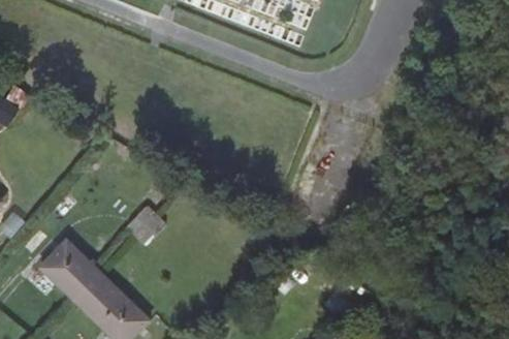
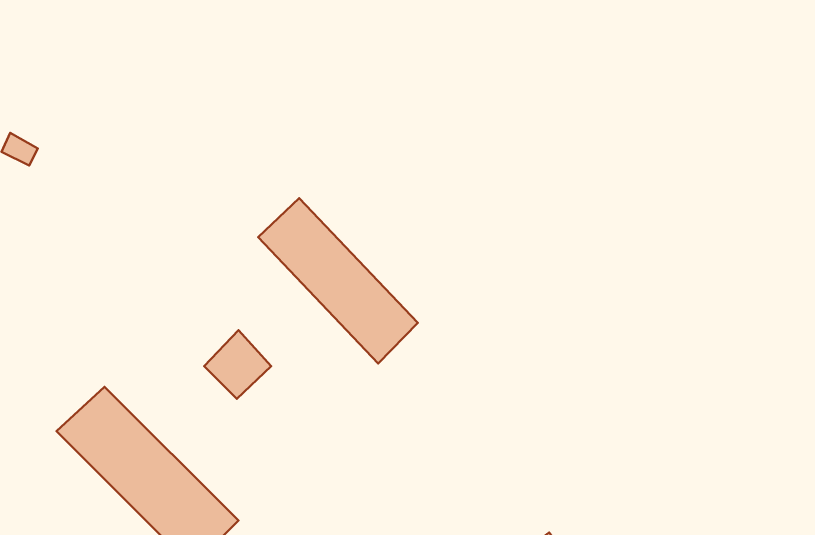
building: none -> [258,198,418,363]

